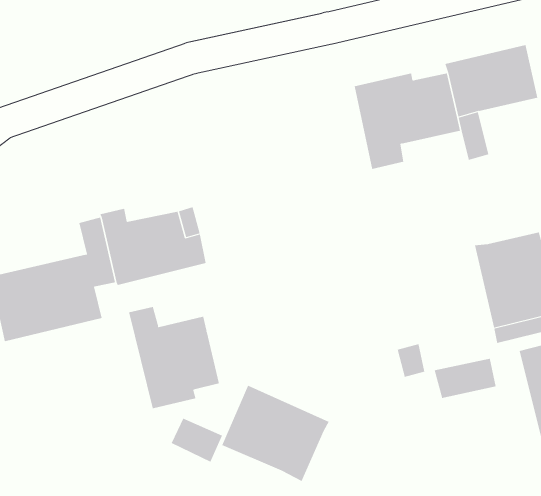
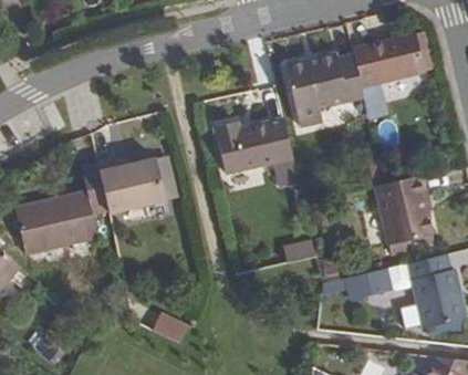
building: none -> [214,117,299,187]
building: [128,306,219,409] -> none
building: [222,385,330,482] -> none

